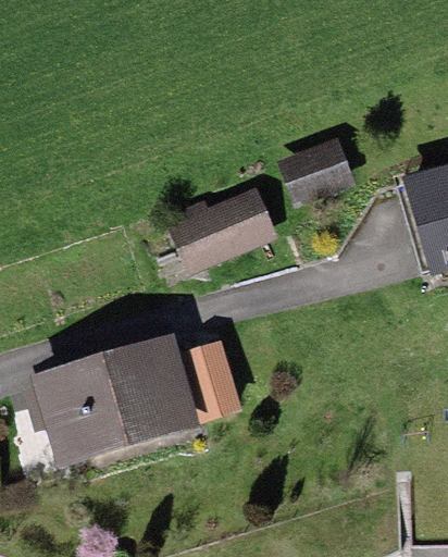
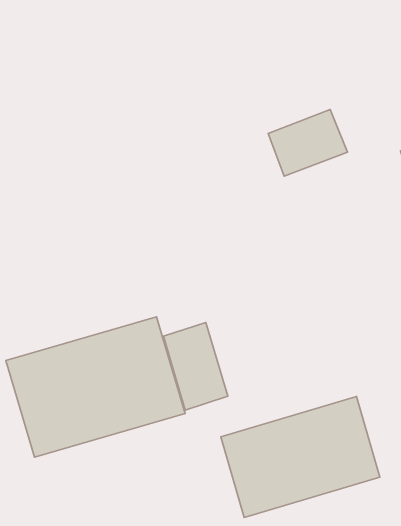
building: [169,187,278,275] -> none
building: none -> [221,397,380,517]

